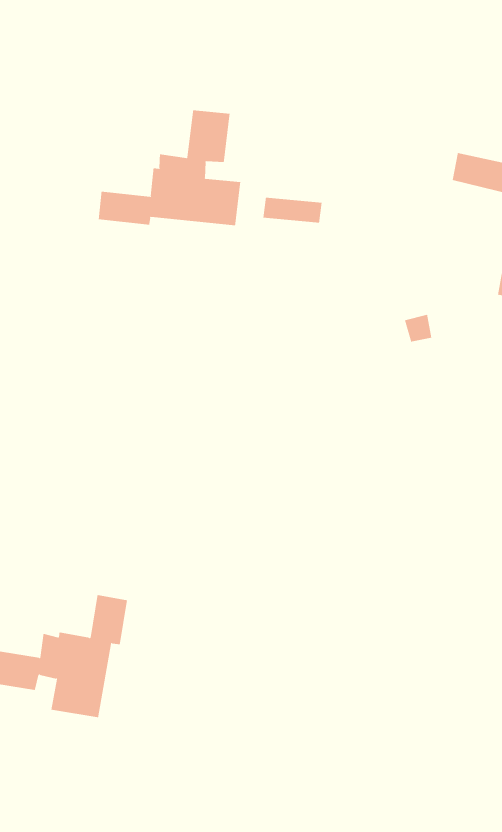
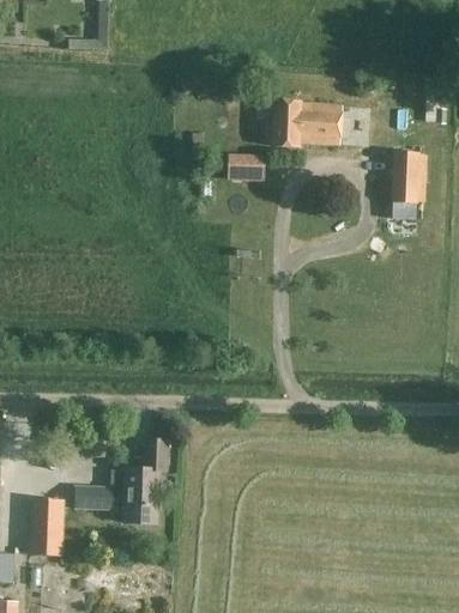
building: [98,110,241,226] -> none
building: none -> [272,101,343,146]

